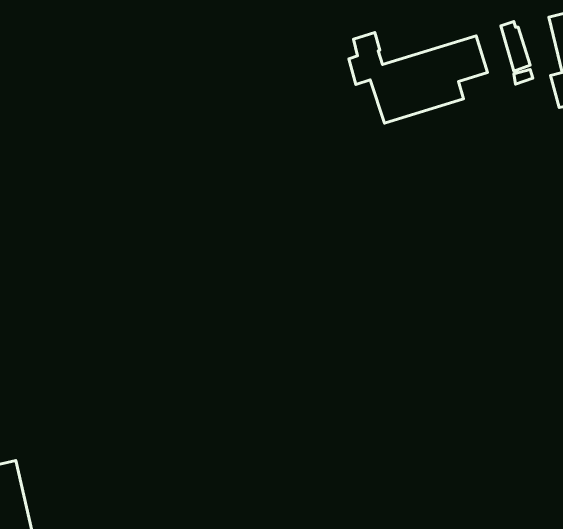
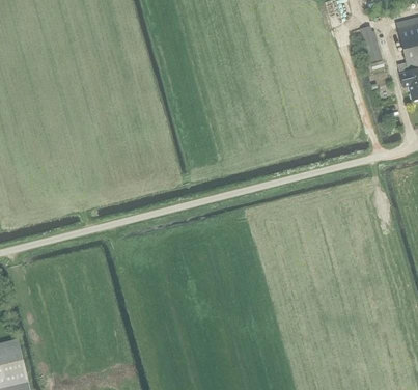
building: [349,33,487,123] -> none

